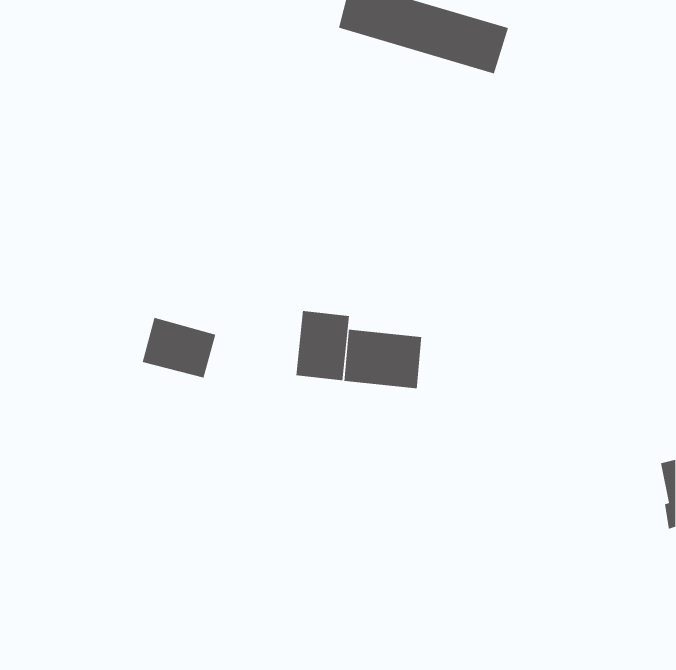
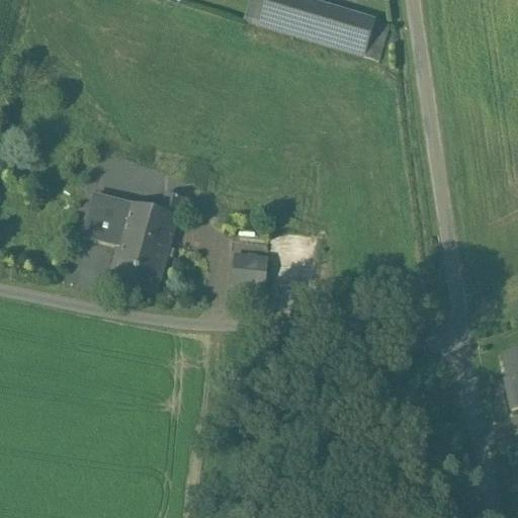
building: none -> [83,191,181,255]
building: [344,329,422,389] -> none

